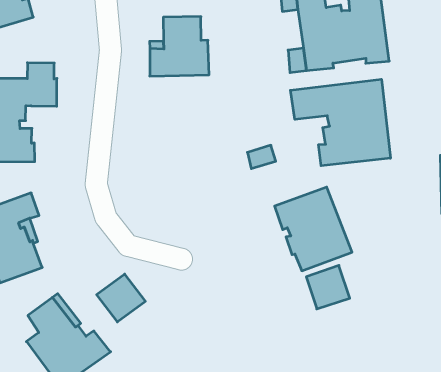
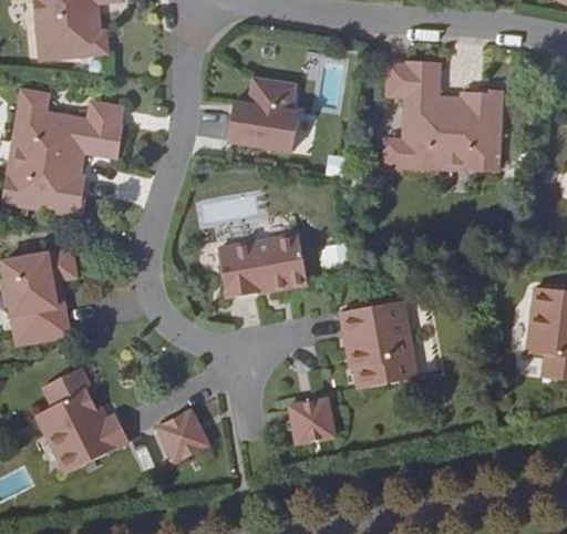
building: [290,79,390,166] -> none
building: none -> [217,234,307,297]
building: [306,265,350,309] -> [289,398,333,442]
building: [97,274,145,322] -> [156,408,209,460]

